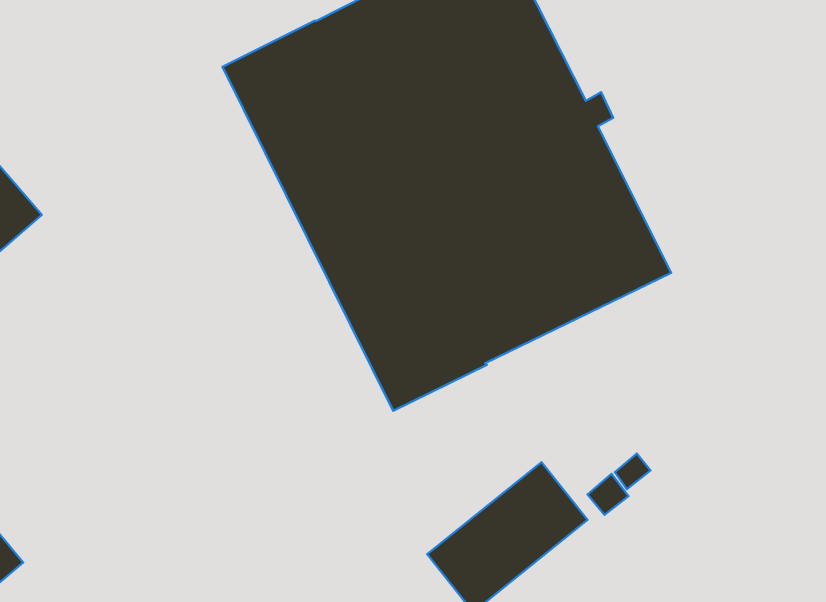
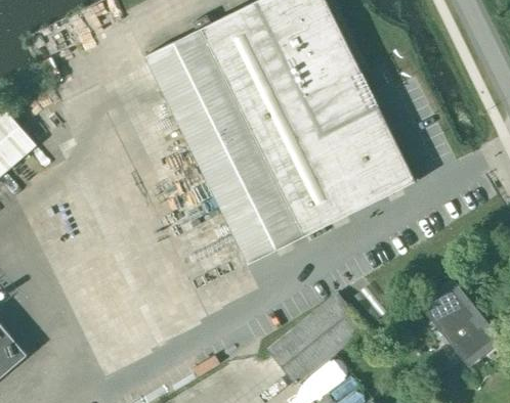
building: none -> [422,284,498,365]

